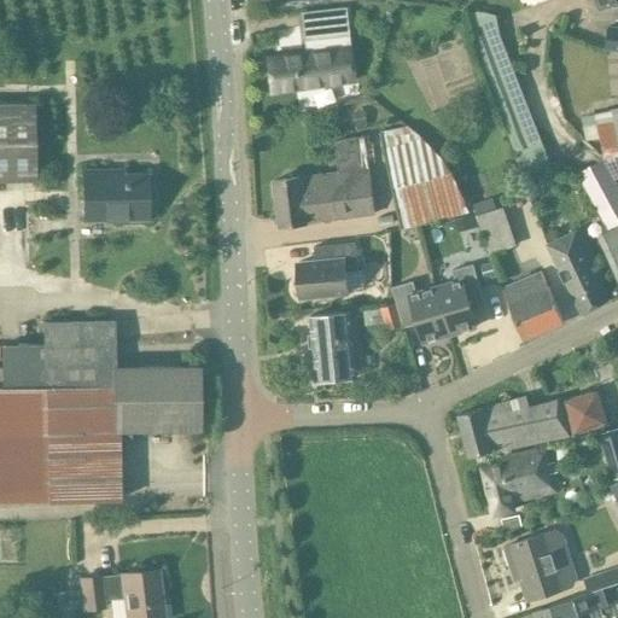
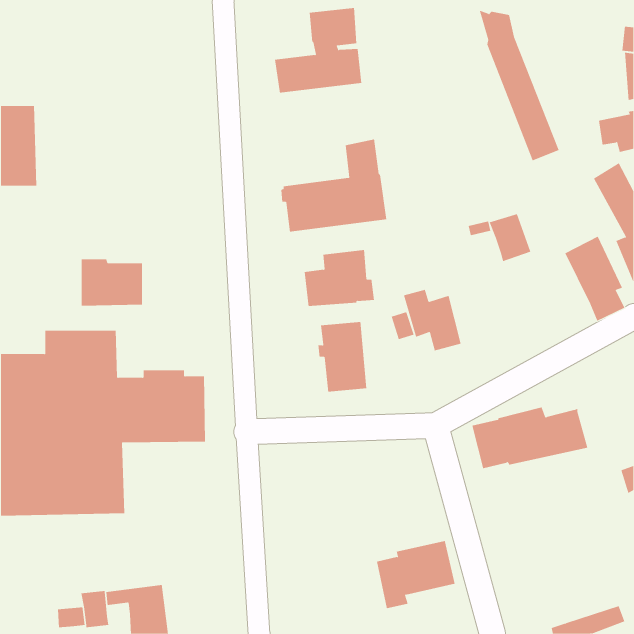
building: [380,126,471,229] -> none
building: [86,173,146,218] -> [81,259,143,306]
building: [437,264,486,334] -> none
building: [503,273,564,339] -> none
building: [562,390,610,436] -> none
building: [484,448,561,514] -> [376,540,456,609]
building: [507,531,577,600] -> none

